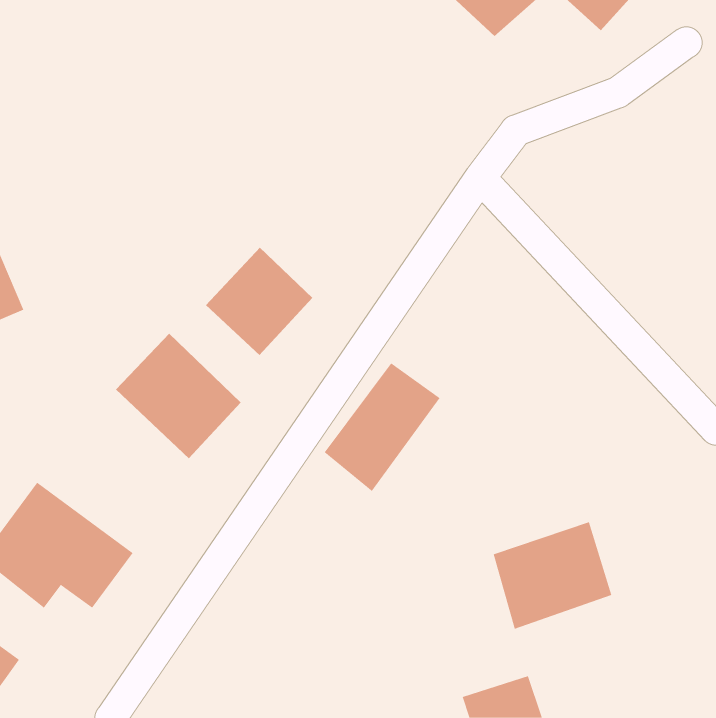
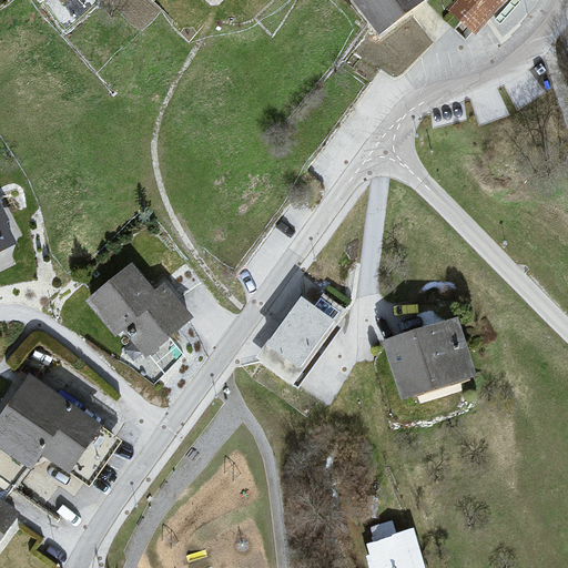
building: [205,247,313,356] -> none
building: [493,521,612,629] -> [384,317,477,402]

